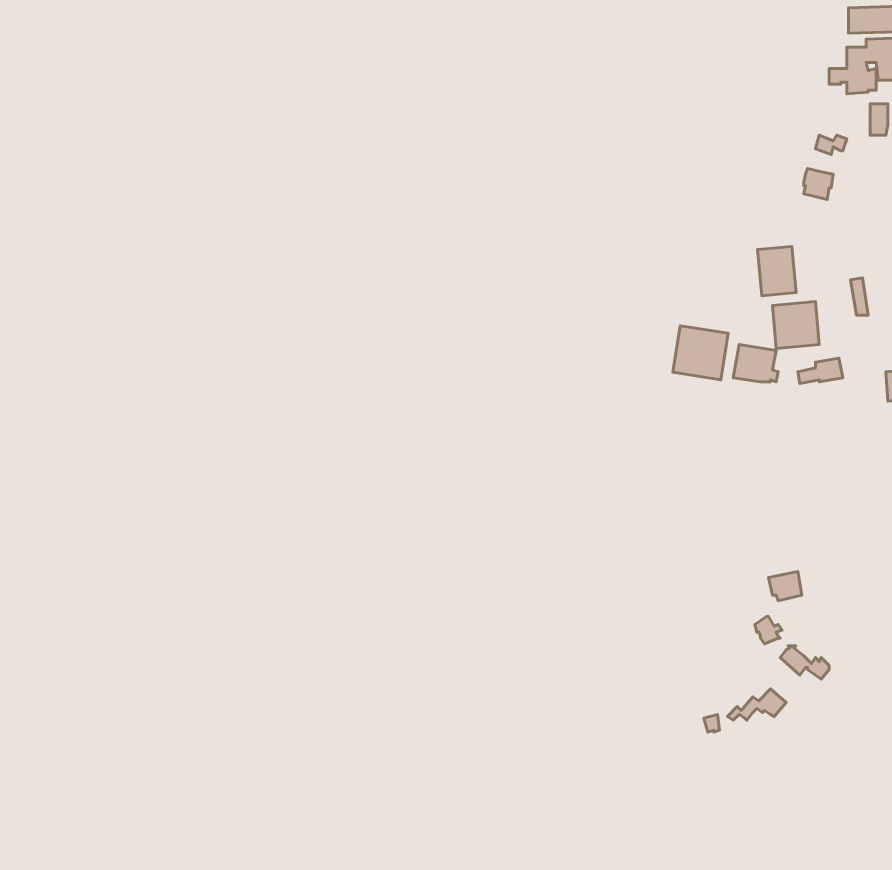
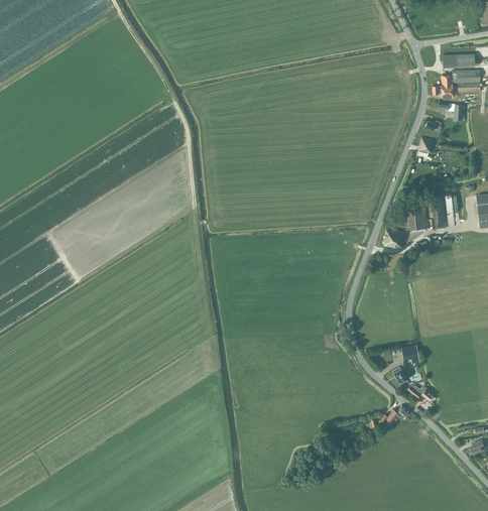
building: [757,246,796,296] -> none
building: [673,326,728,380] -> none

